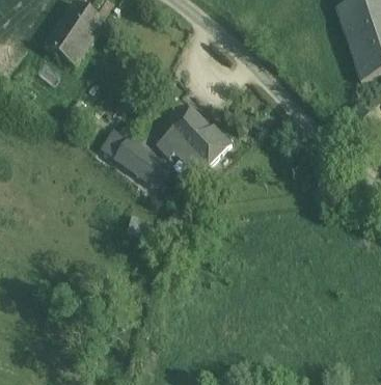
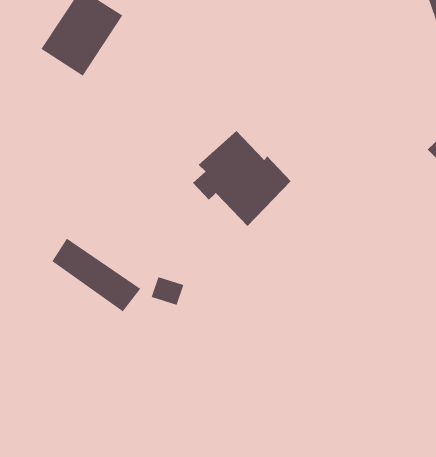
building: [104,132,171,188] -> [51,238,141,312]

